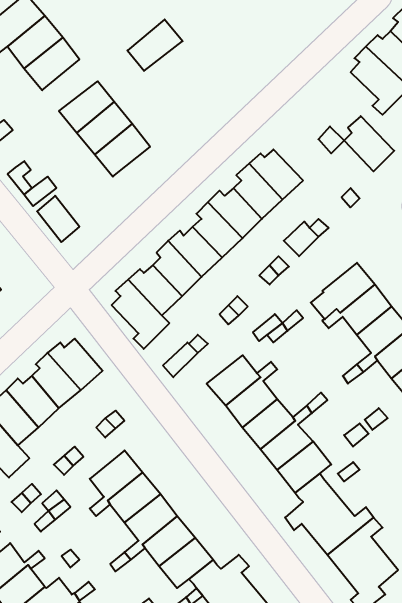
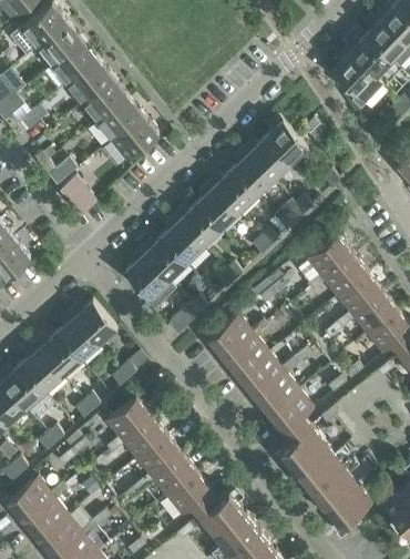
building: [127,19,183,71] -> [66,61,114,105]
building: [344,116,394,171] -> [266,118,309,165]

